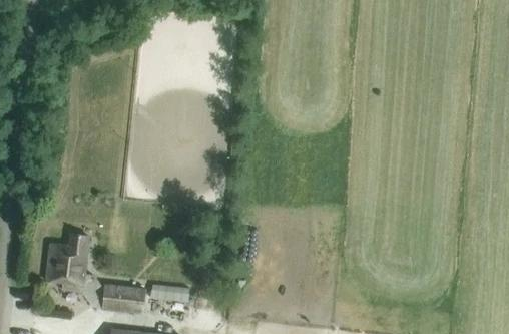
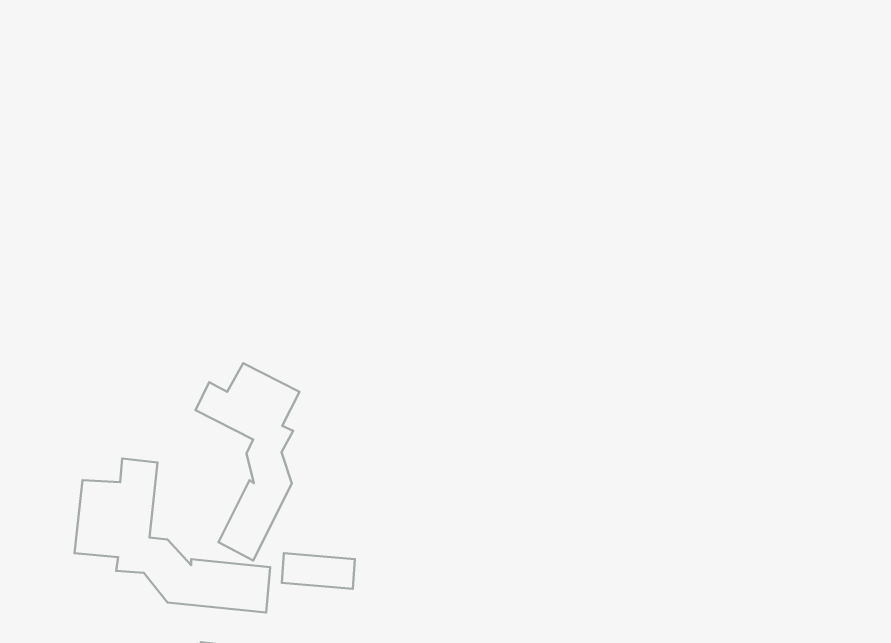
building: none -> [195,363,300,561]

